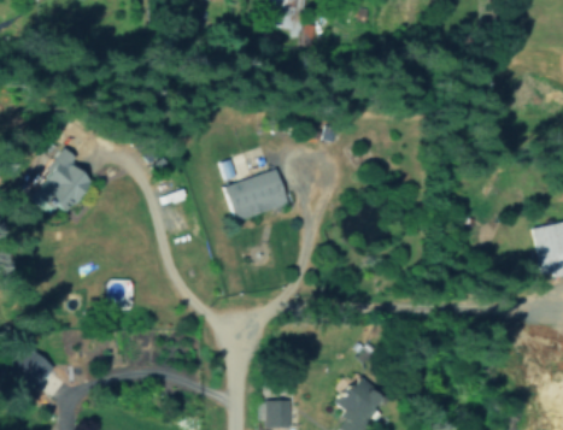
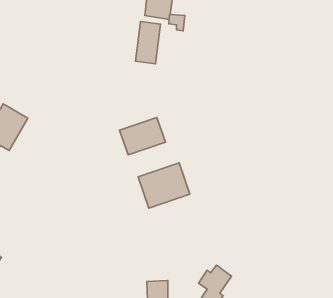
building: none -> [135,22,160,64]
building: none -> [138,163,190,208]

